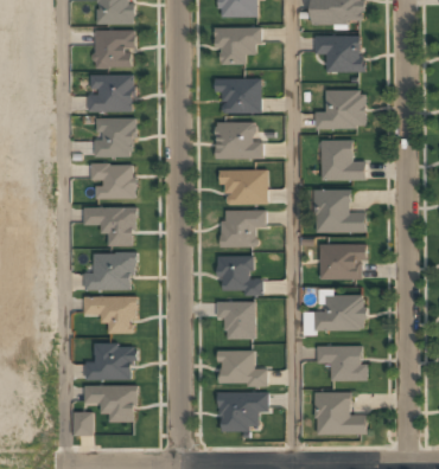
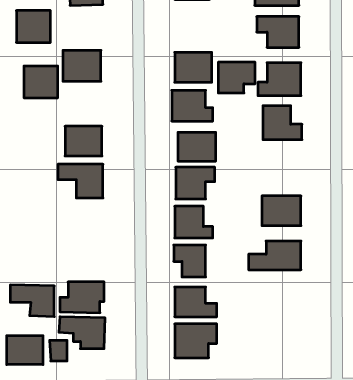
building: [216,28,259,64] -> [218,62,255,93]
building: [94,31,133,68] -> [16,11,50,42]
building: [95,118,134,155] -> [24,66,58,98]
building: [313,188,365,231] -> none
building: [84,253,134,290] -> none
building: [84,296,135,333] -> [10,285,54,317]
building: [317,346,365,381] -> none
building: [313,392,365,433] -> none
building: none -> [7,336,43,365]

